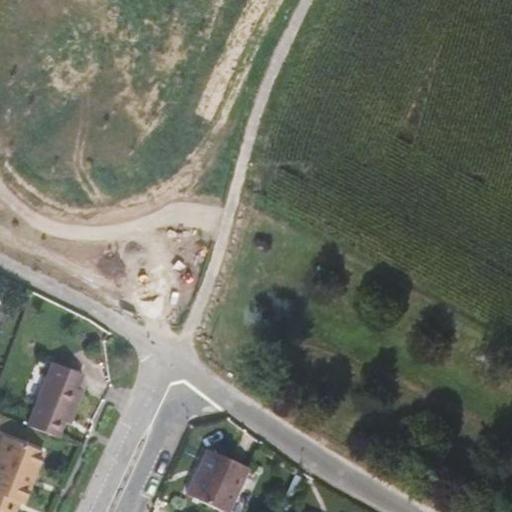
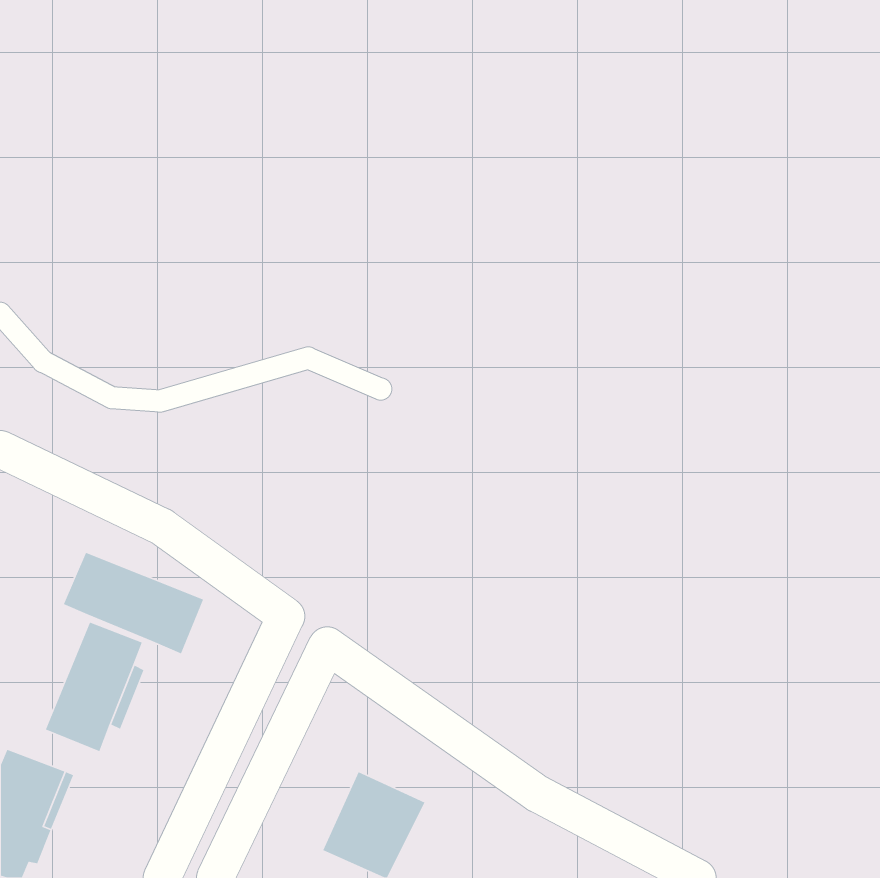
building: none -> [63,552,204,655]

